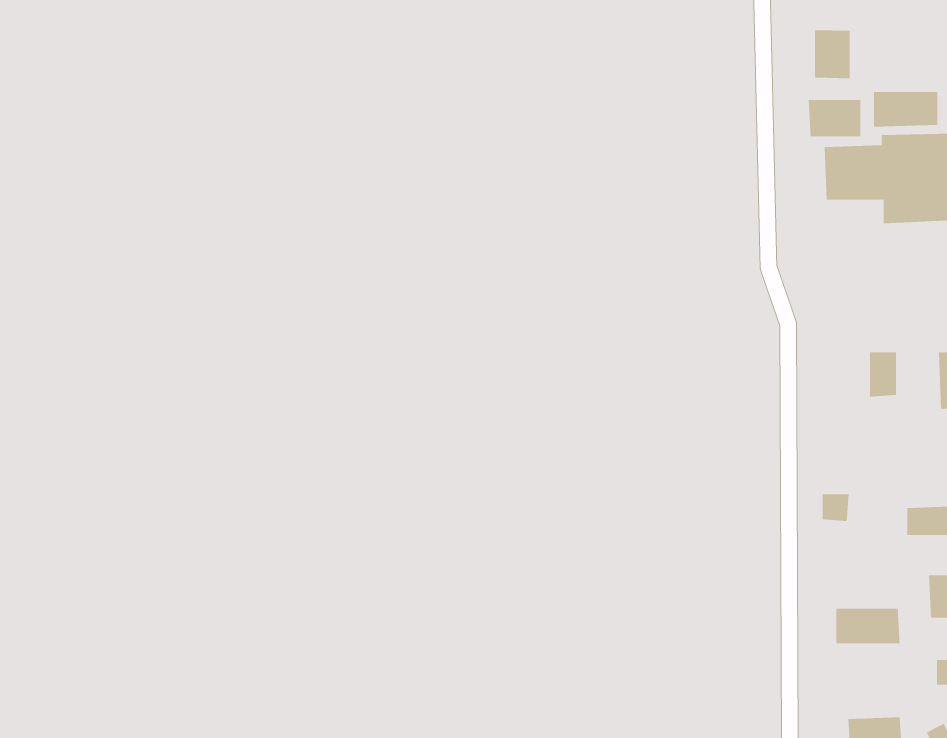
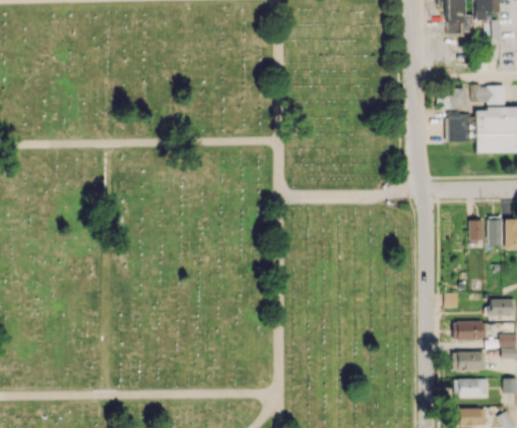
building: [815,30,850,79] -> none
building: none -> [488,217,502,245]
building: none -> [453,321,487,341]
building: none -> [454,379,489,396]

